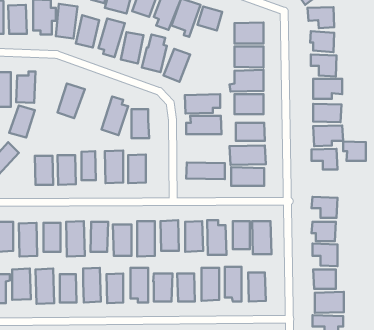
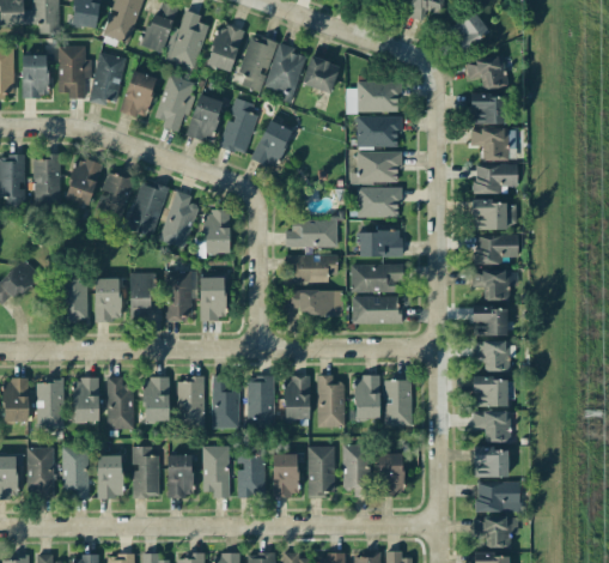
building: none -> [126,180,170,237]
building: [185,94,220,114] -> [286,254,339,283]
building: [9,105,35,138] -> [65,157,103,205]
building: [343,141,366,161] -> [473,307,506,335]

